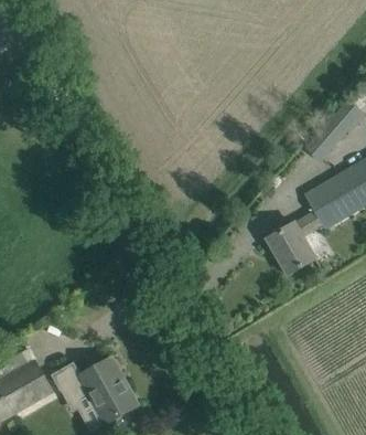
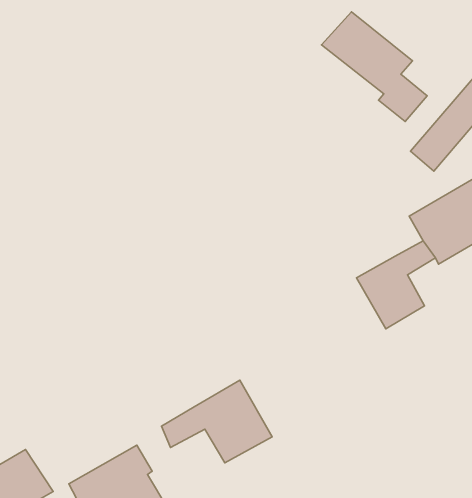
building: none -> [321,12,427,122]
building: none -> [161,380,272,463]

